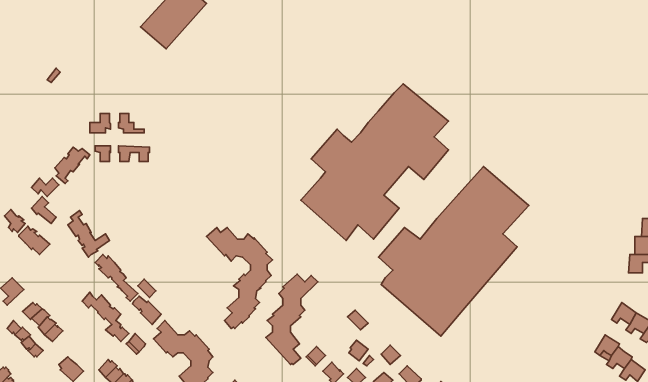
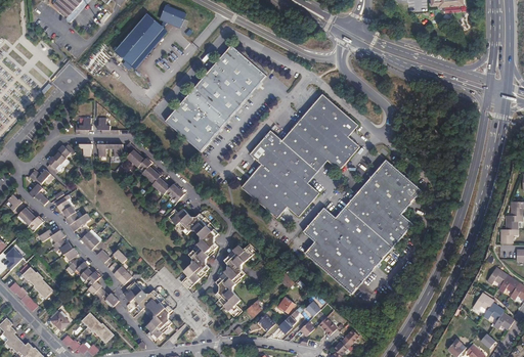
building: none -> [165,44,267,151]
building: none -> [126,142,184,202]
building: none -> [39,226,78,260]

